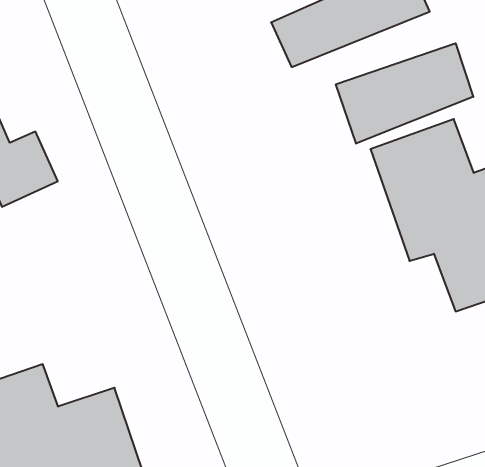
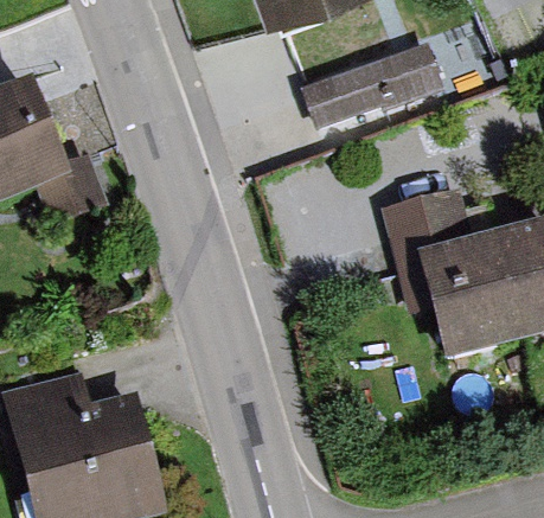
building: [336,43,473,144] -> none

